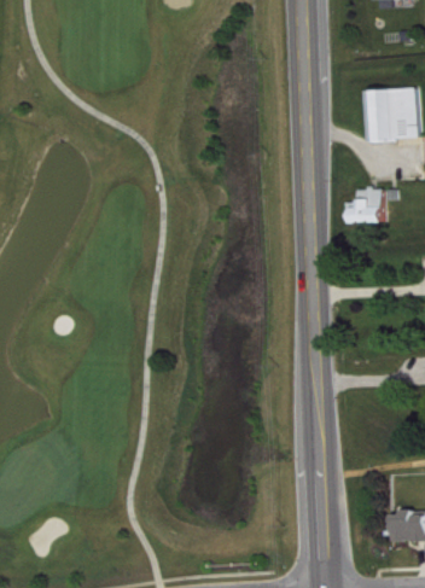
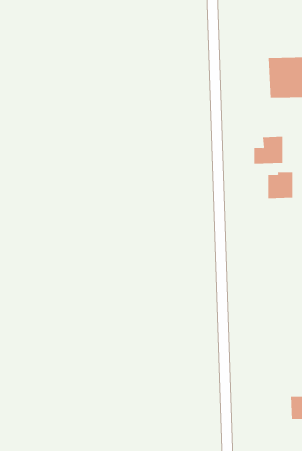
building: none -> [268,171,293,199]

